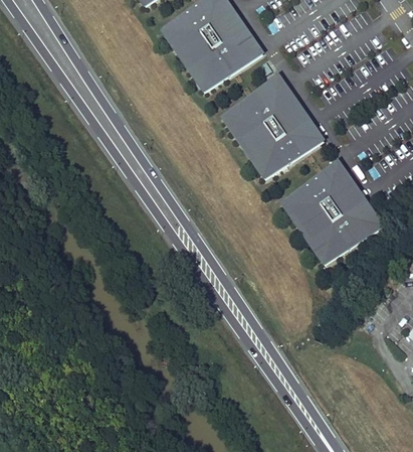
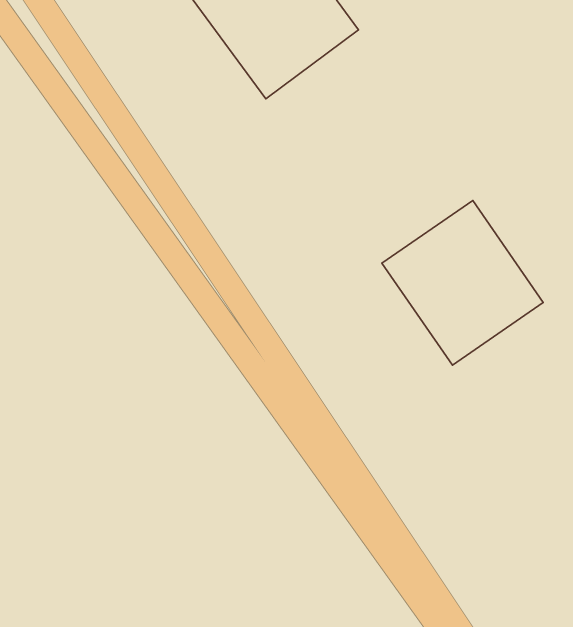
building: [219,72,325,180] -> none

